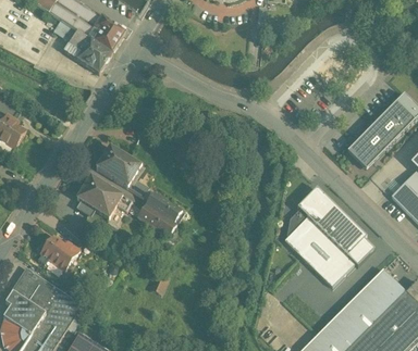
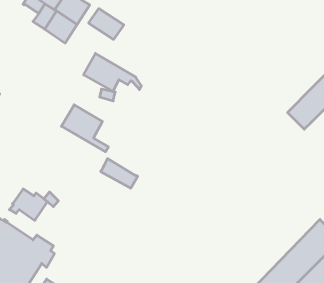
building: none -> [89,9,124,39]
building: [77,175,142,217] -> [84,53,141,92]
building: [283,186,376,288] -> none
building: [146,189,184,221] -> none

